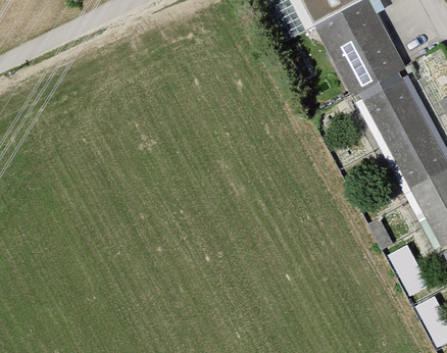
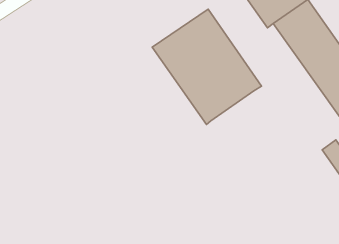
building: none -> [152,9,261,125]

